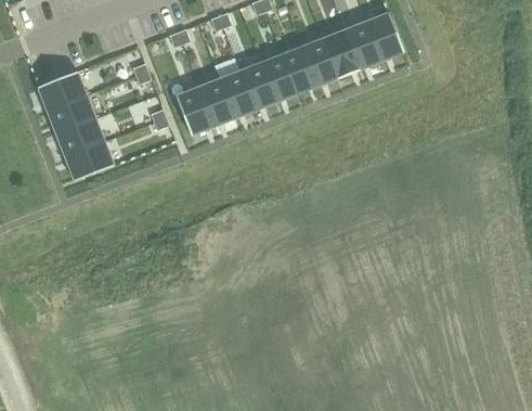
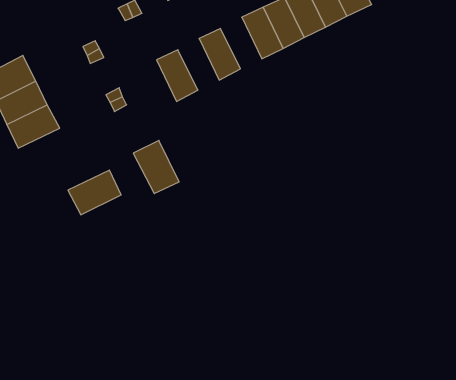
building: [261,53,297,101] -> none
building: [220,69,256,117] -> none
building: [174,86,215,134] -> [133,140,179,194]
building: [64,141,113,180] -> [68,170,121,215]

